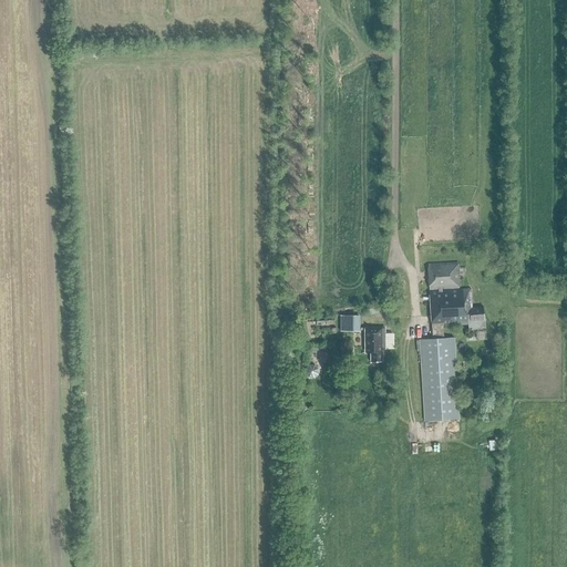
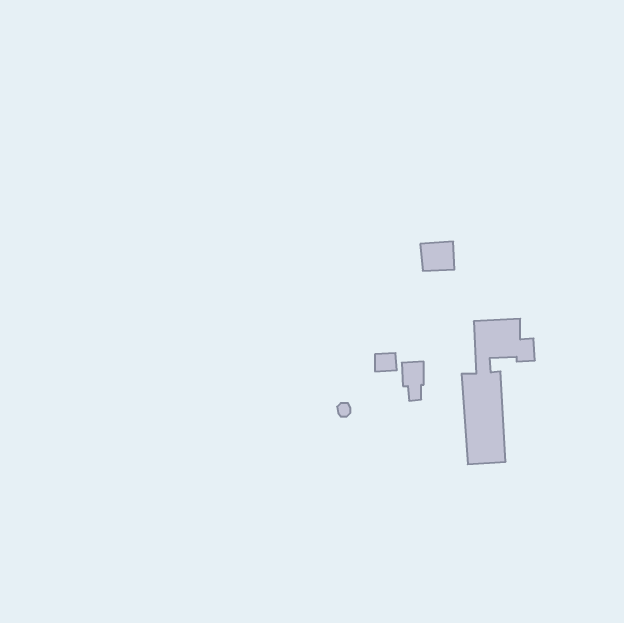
building: [427,261,458,288] -> [420,242,454,271]

